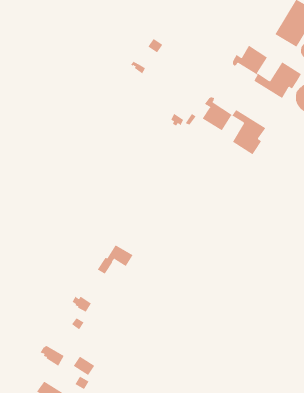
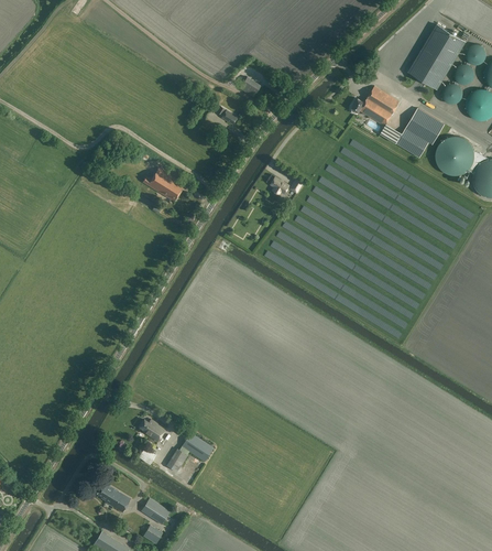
building: [202,96,266,155] -> none
building: none -> [143,169,184,201]
building: [97,245,133,274] -> [166,432,215,472]

